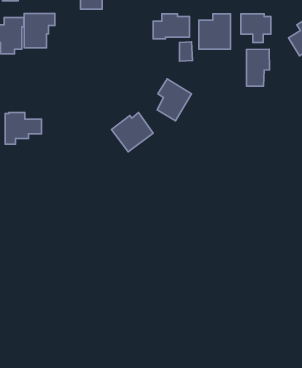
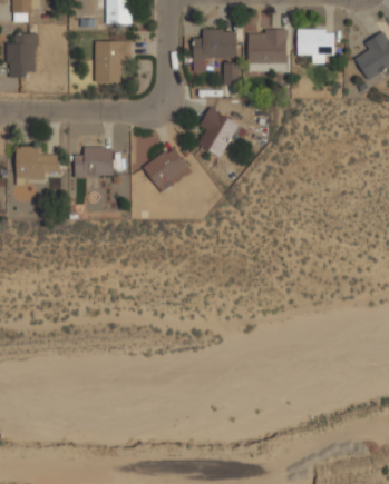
building: [24,13,55,48] -> [95,41,132,82]
building: [246,49,269,86] -> none
building: none -> [75,147,113,177]

